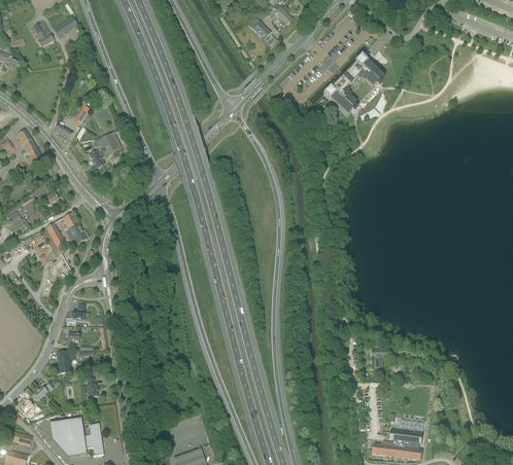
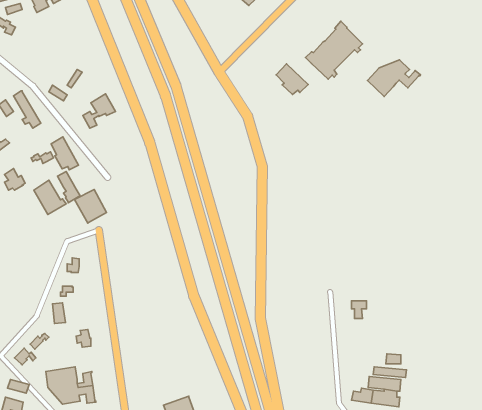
building: none -> [368,60,421,96]
building: none -> [276,64,308,94]
building: none -> [51,137,79,170]
building: none -> [75,190,106,223]

